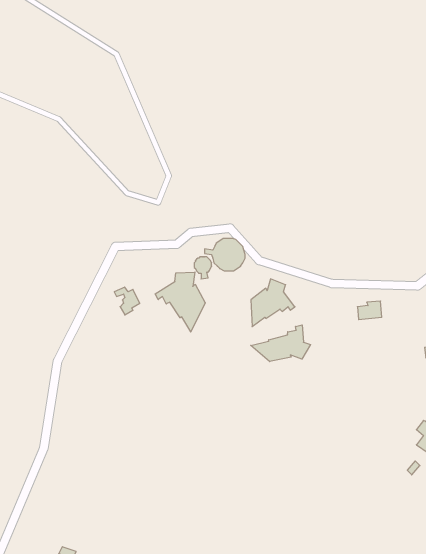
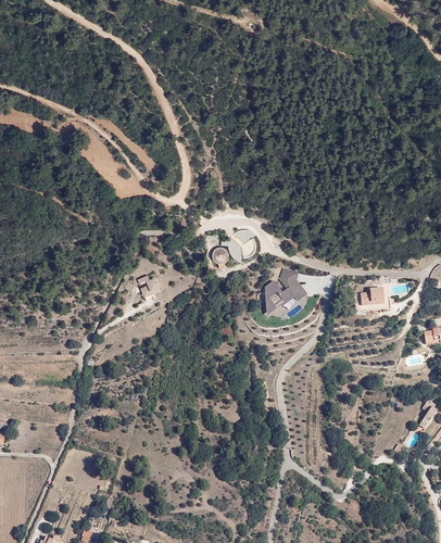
building: [155,272,205,332] -> none
building: [251,325,311,362] -> none

